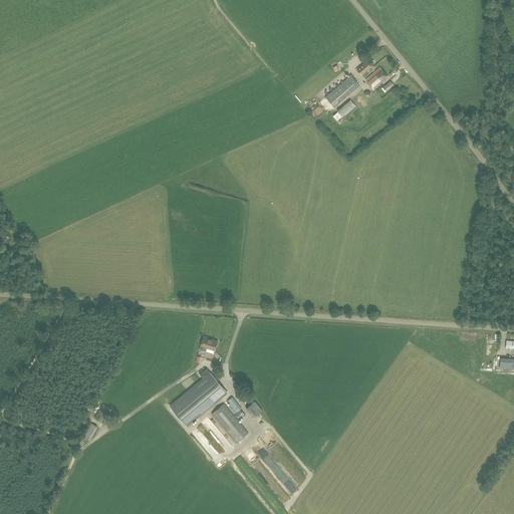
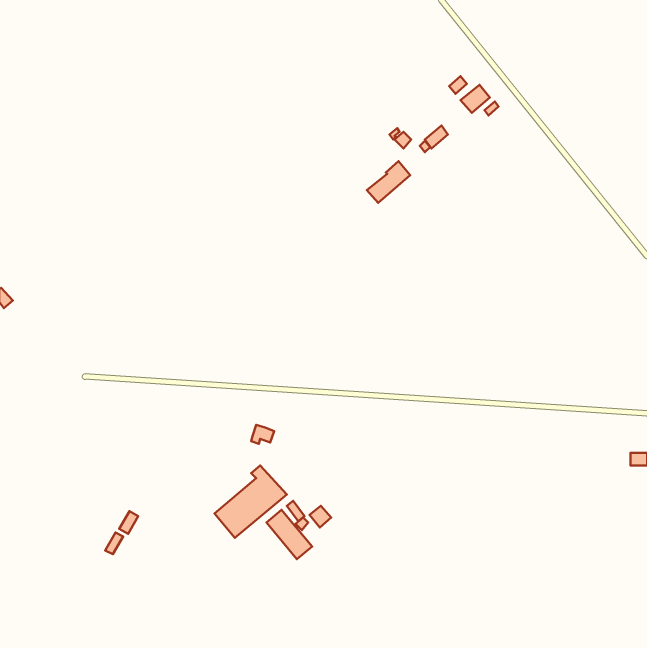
building: [324,74,358,107] -> [367,161,410,203]

